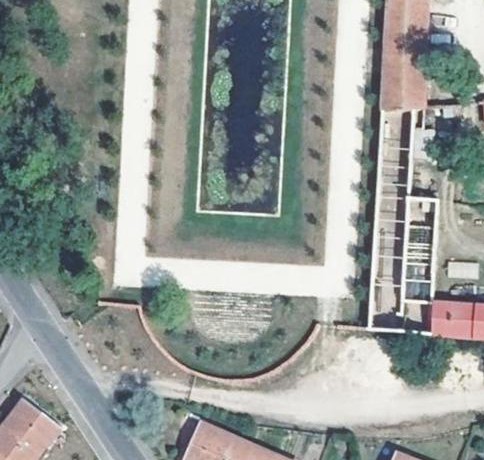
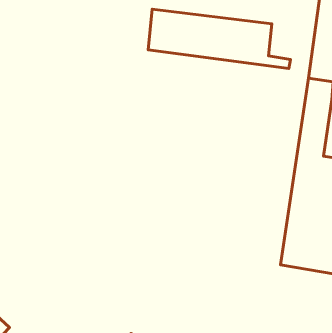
building: none -> [148,9,290,68]

